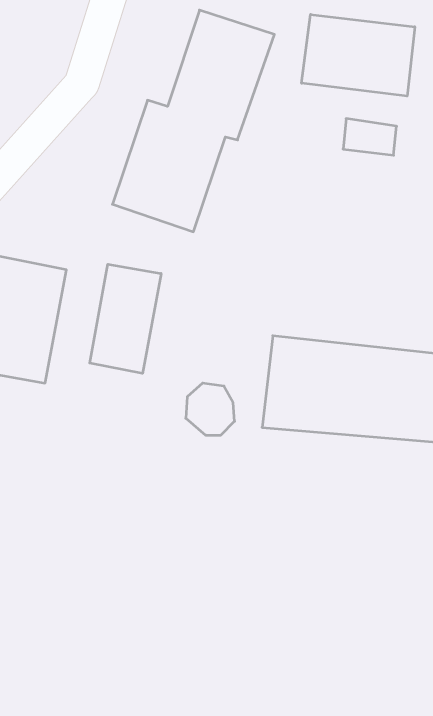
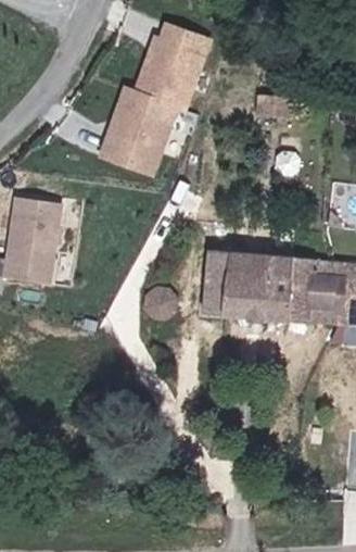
building: [302,14,415,96] -> none
building: [90,264,161,373] -> none

